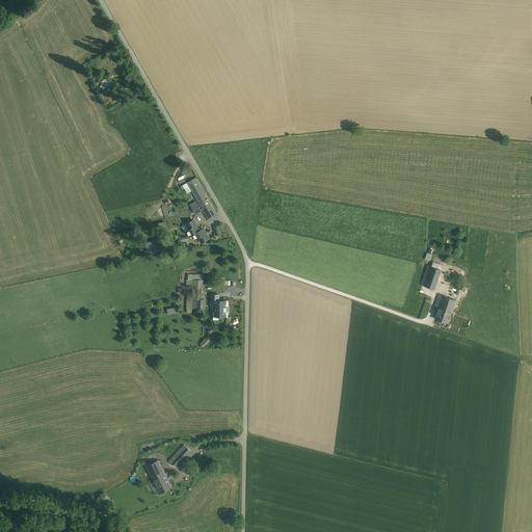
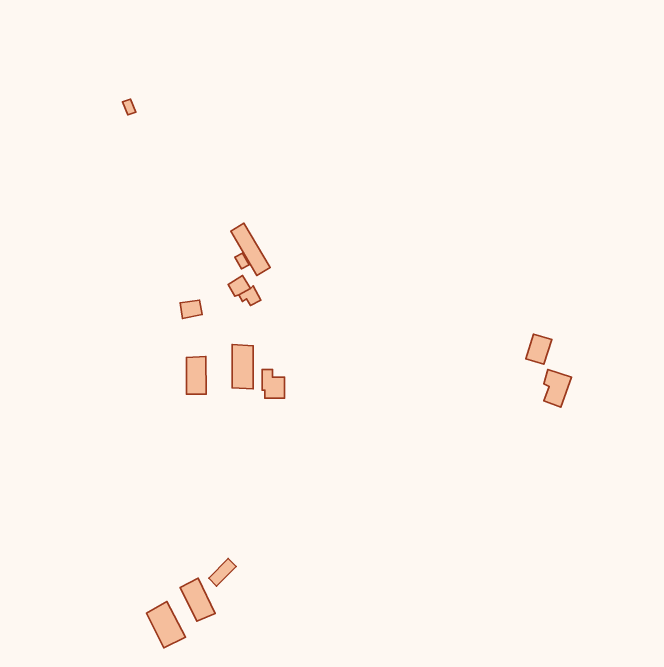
building: none -> [187,356,206,394]
building: none -> [146,602,185,648]

